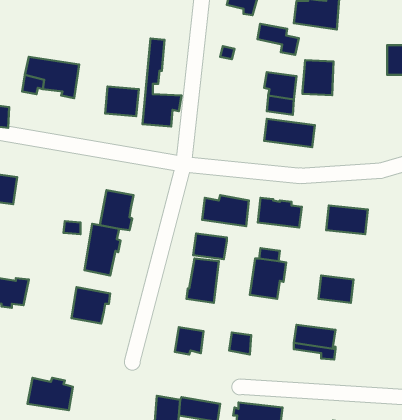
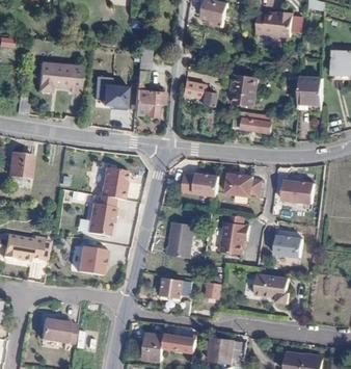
building: [258,24,299,55] -> [182,80,215,105]
building: [303,60,334,95] -> [297,76,322,104]
building: [193,234,227,259] -> none

